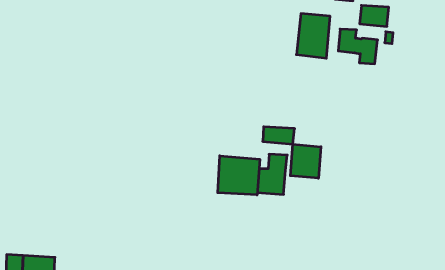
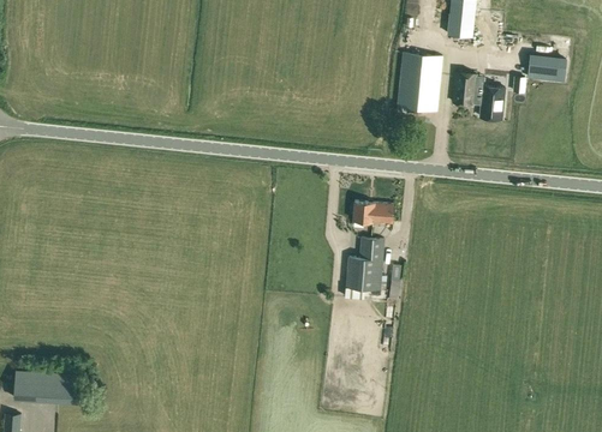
building: [360,5,389,26] -> [528,55,566,83]
building: [290,144,321,178] -> none
building: [218,156,260,195] -> none

